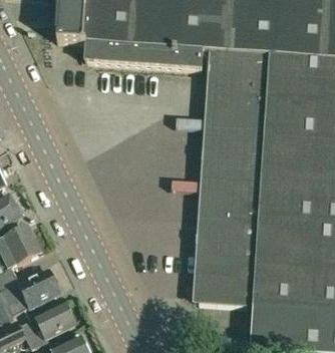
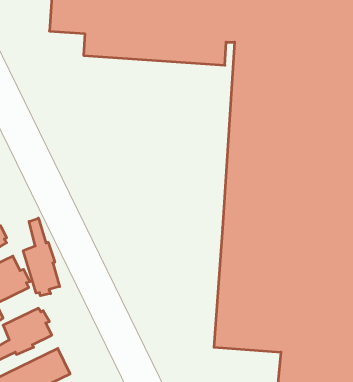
building: none -> [23,218,60,296]

